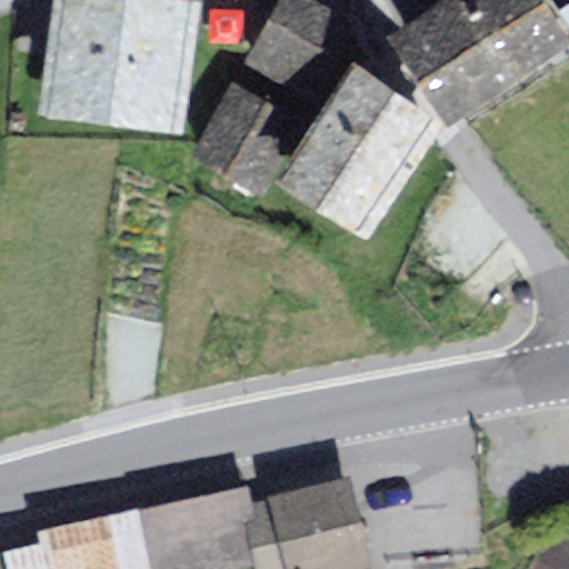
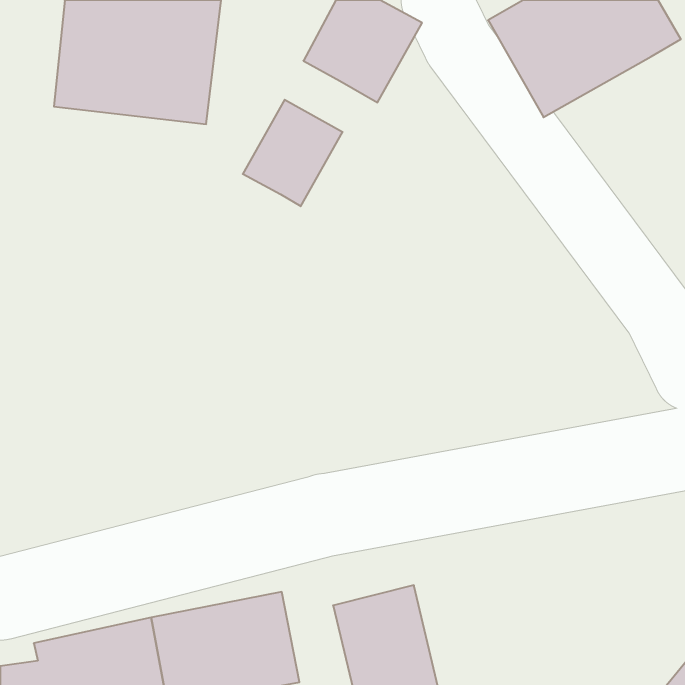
building: [286,60,426,211] -> none

